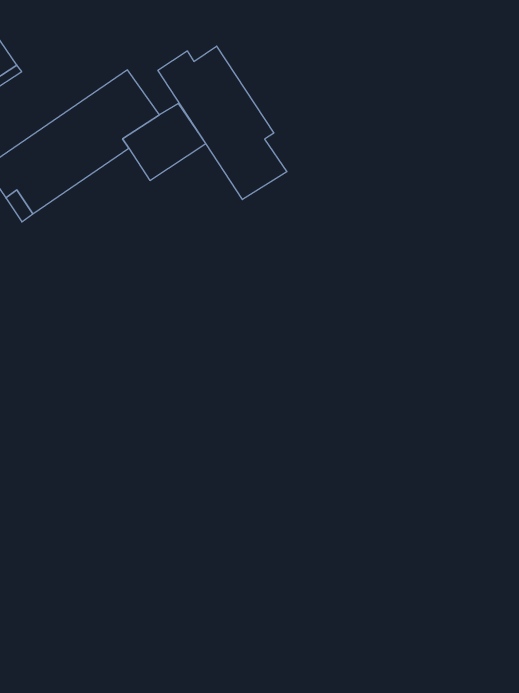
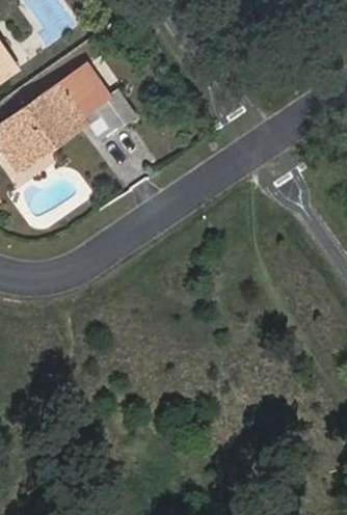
building: [158,46,287,200] -> none

